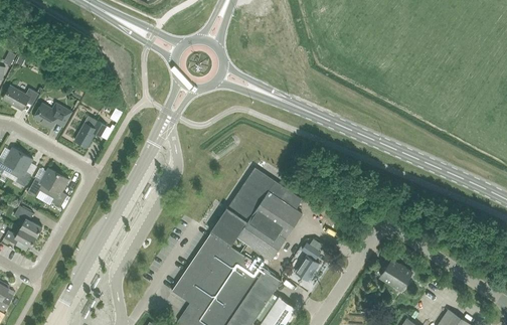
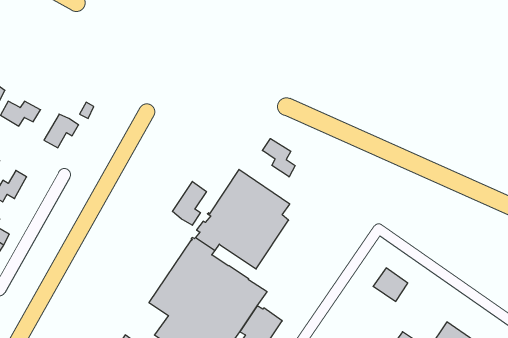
building: none -> [262,139,295,177]
building: [46,174,68,207] -> none
building: none -> [172,181,206,225]
building: [295,241,320,281] -> none

